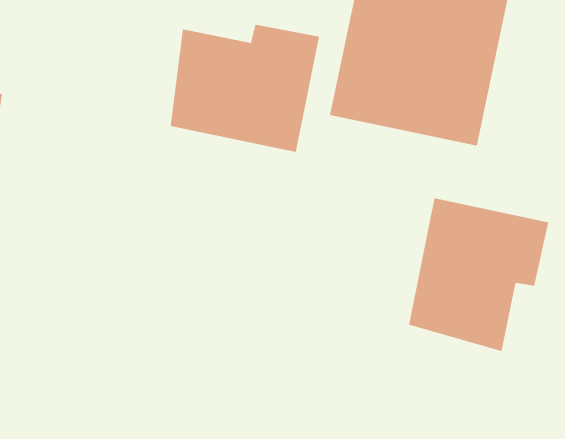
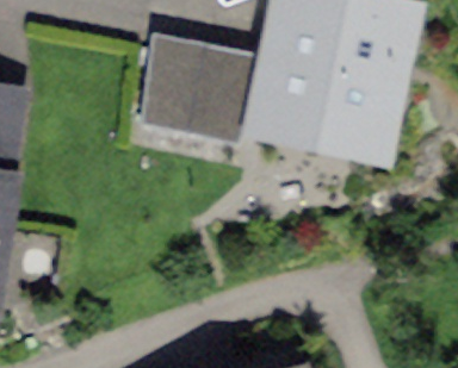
building: [408,198,549,352] -> none

